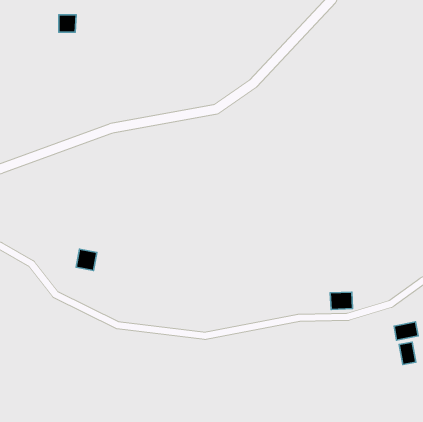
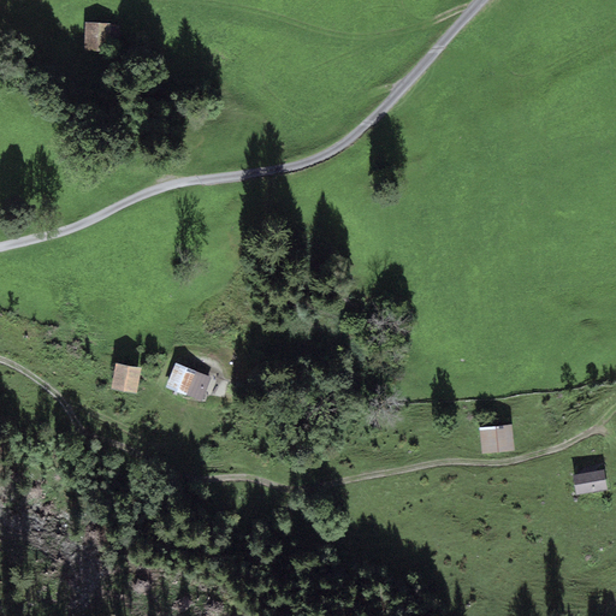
building: none -> [166,362,212,401]
building: [399,342,416,364] -> none

